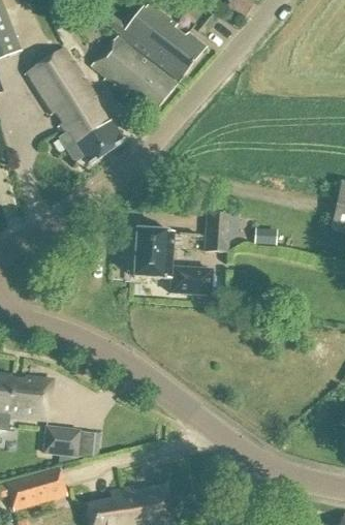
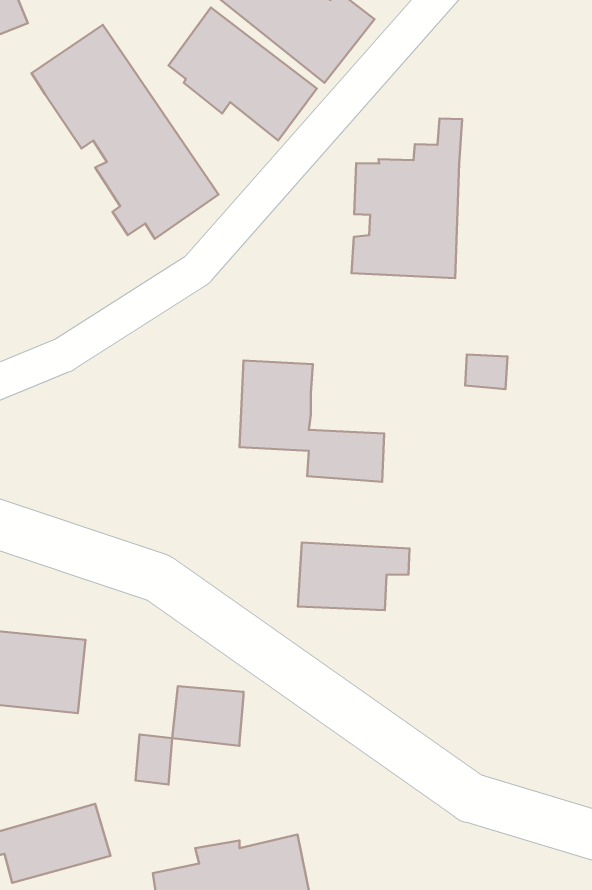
building: none -> [352,119,462,278]
building: [205,212,239,251] -> none
building: none -> [298,542,410,610]
building: [42,425,81,457] -> [172,686,243,746]

